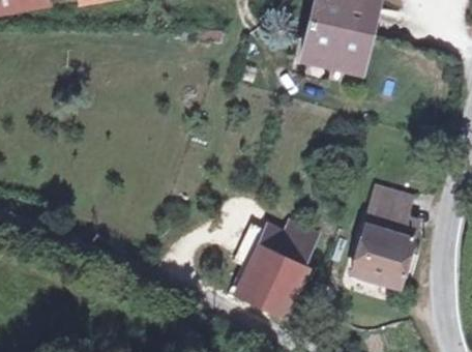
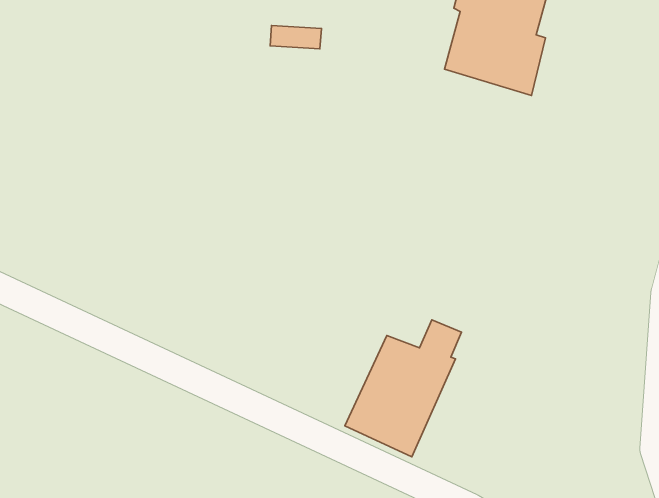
building: [351,188,414,290] -> none

